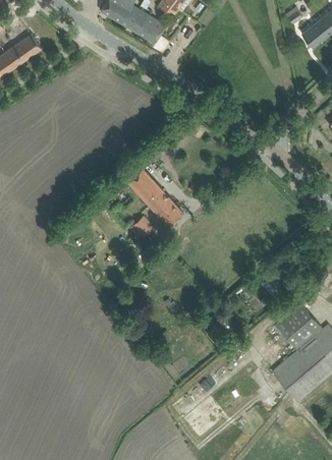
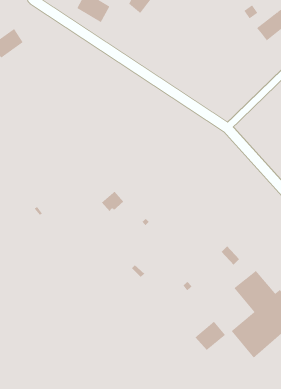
building: [128,9,165,43] -> none
building: [128,169,183,225] -> none
building: none -> [195,321,226,351]

